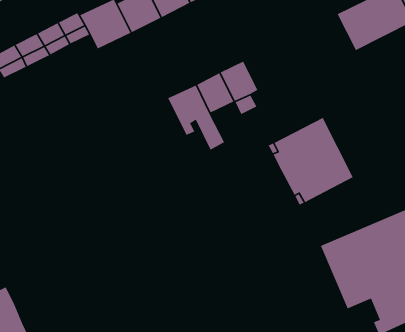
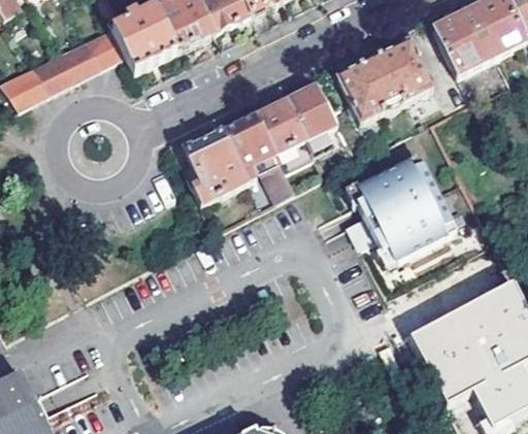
building: none -> [336,40,433,124]
building: none -> [186,133,246,205]

